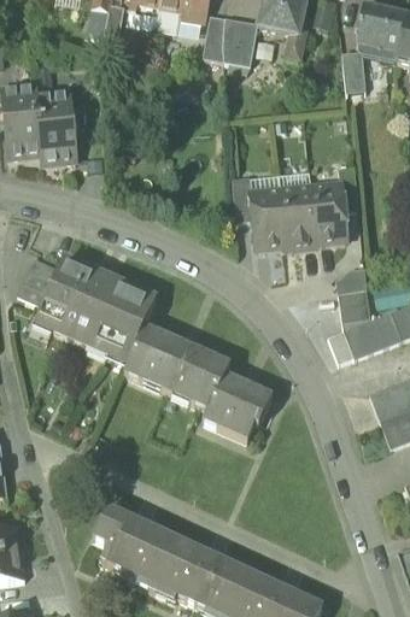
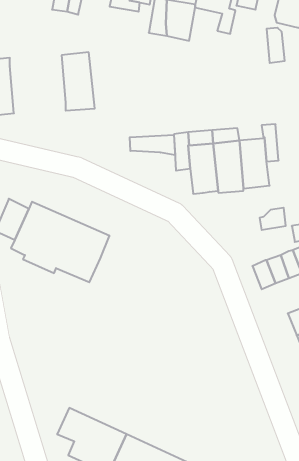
building: [37,94,77,164] -> [62,52,95,111]
building: none -> [130,135,175,155]
building: [339,289,371,330] -> none
building: [125,328,273,439] -> none

